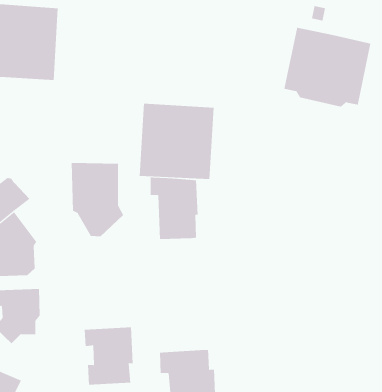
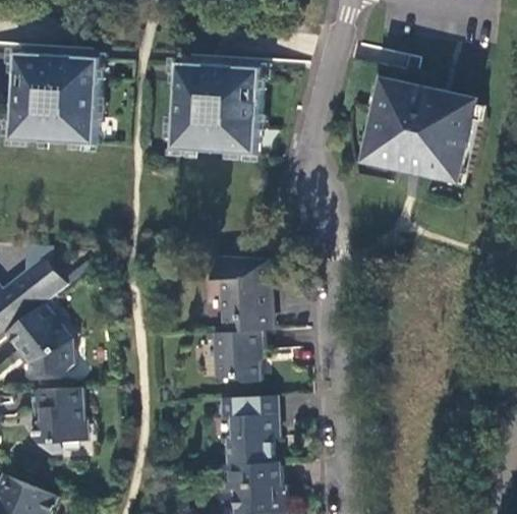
building: [139,103,214,180] -> [174,63,264,154]
building: [71,162,124,237] -> none
building: none -> [212,331,262,383]
building: [84,327,134,385] -> [220,396,279,465]

